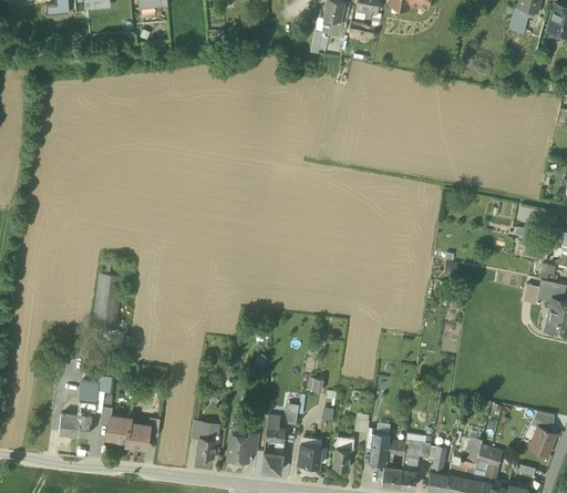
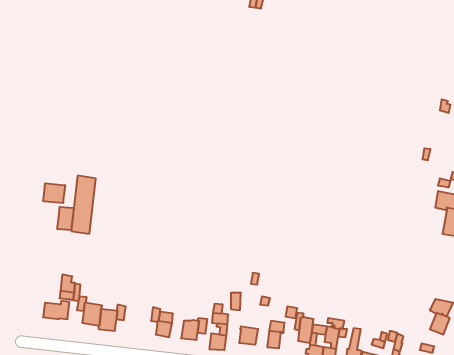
building: none -> [43,183,65,203]
building: none -> [57,207,74,230]

